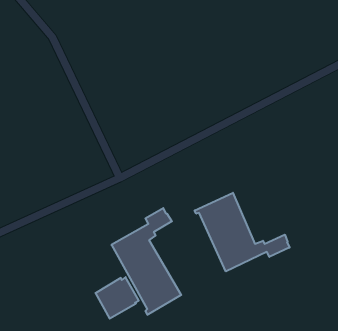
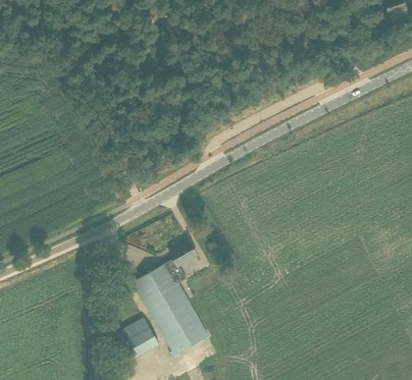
building: [195,193,290,271] -> none

